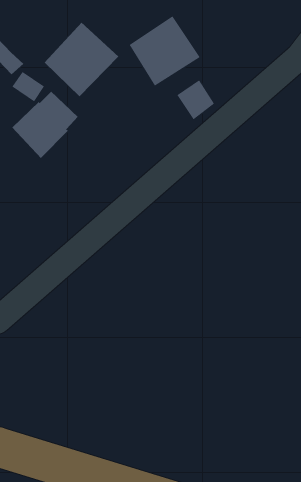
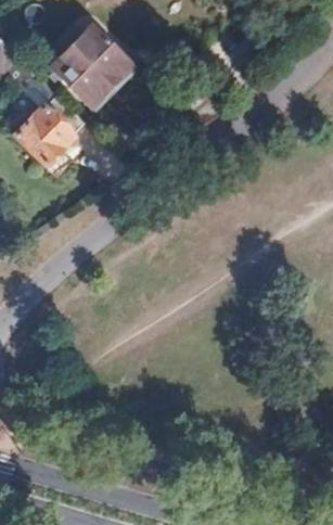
building: [129,15,201,86] -> none

